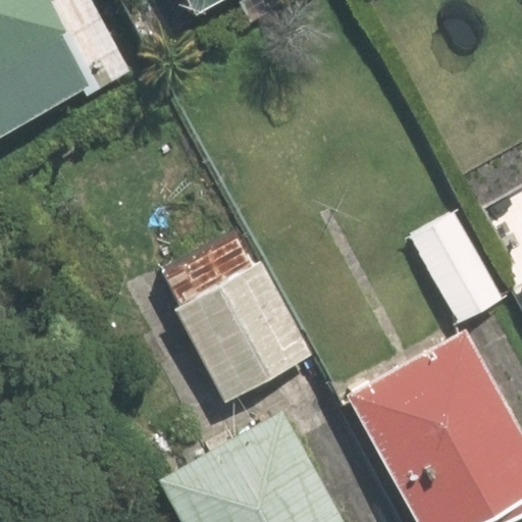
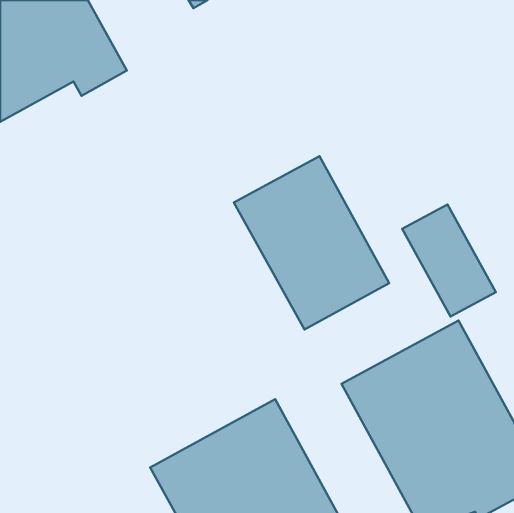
building: [154,230,311,406] -> [234,156,389,330]

